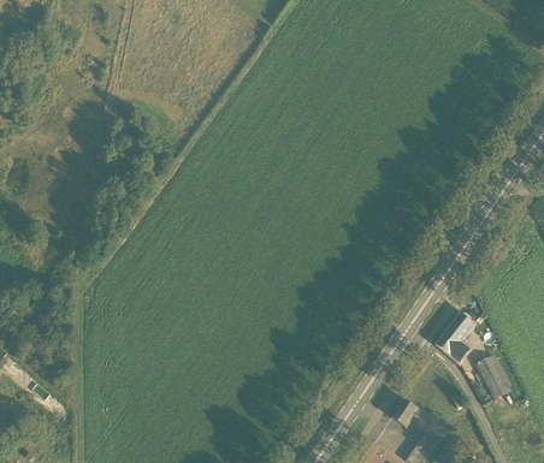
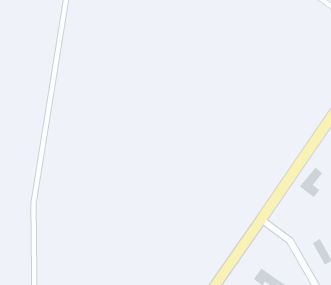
building: [438,315,473,361] -> [299,167,323,198]

